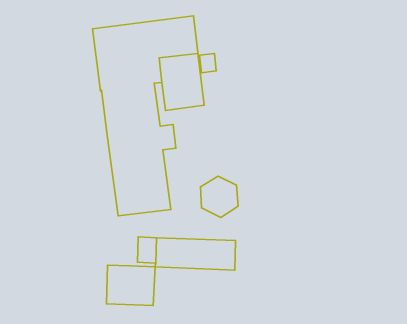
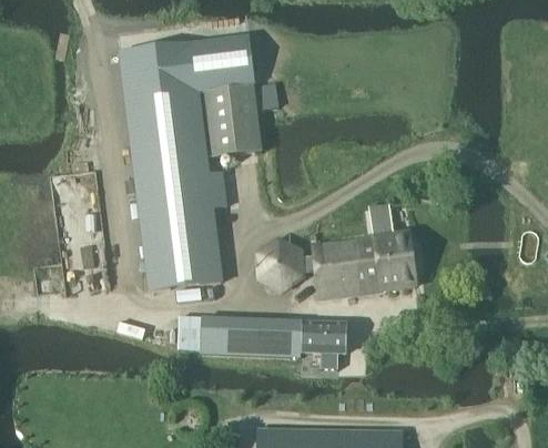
building: none -> [311,204,414,298]
building: none -> [302,322,345,369]
building: [106,265,155,306] -> none

